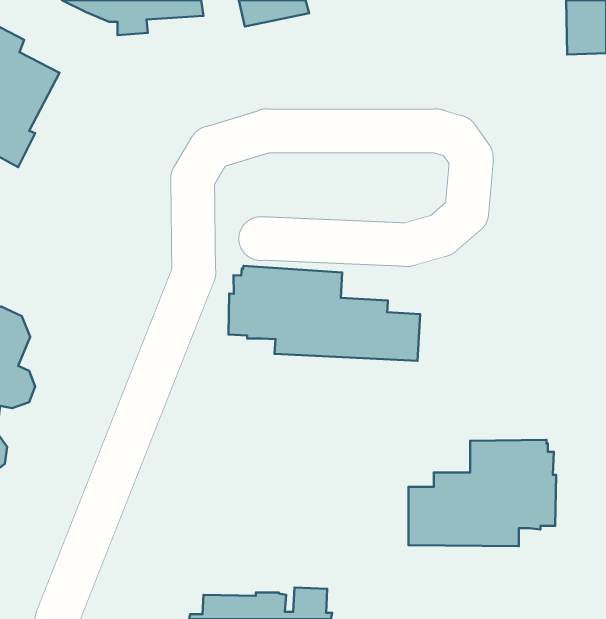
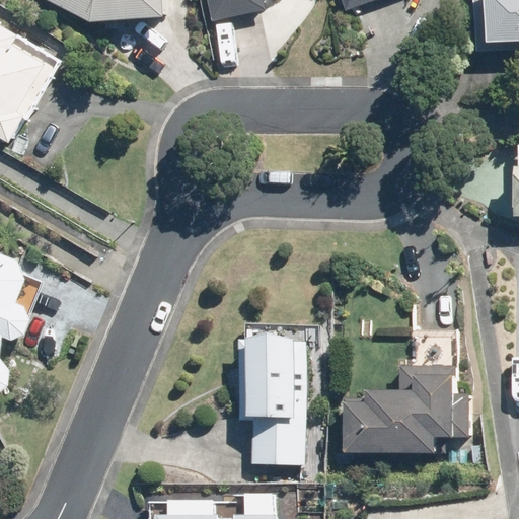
building: [228,266,420,361] -> none
building: none -> [238,322,310,463]

